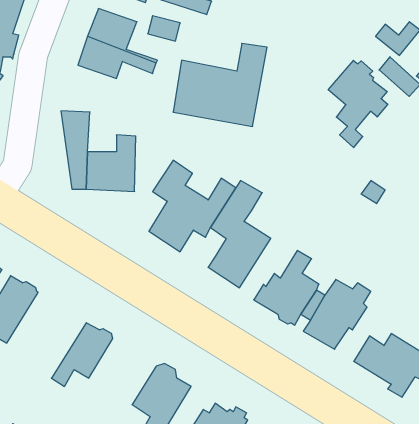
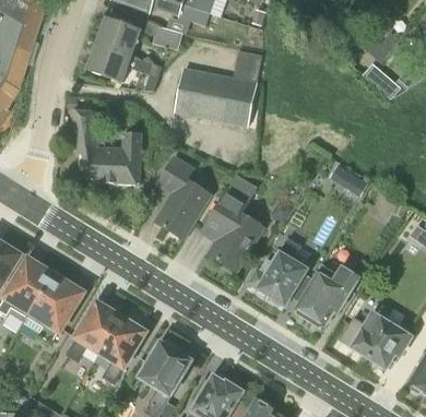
building: [328,60,388,148] -> none
building: none -> [24,276,81,344]
building: none -> [98,318,145,383]

